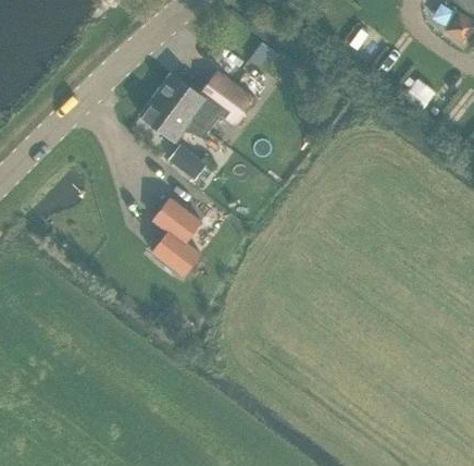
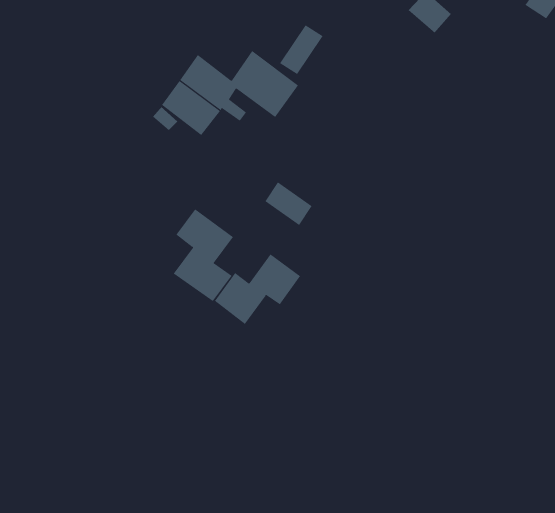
building: [167,142,208,179] -> [264,182,312,226]
building: none -> [214,253,301,325]

